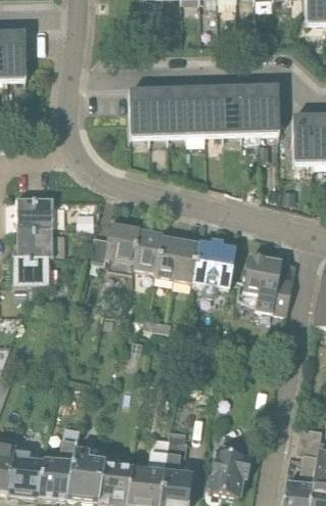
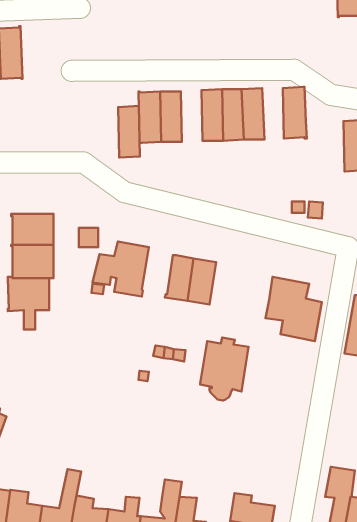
building: [239,87,259,133] -> none
building: [167,89,186,135] -> [118,106,140,158]
building: [292,116,313,163] -> none
building: [132,229,162,271] -> none
building: [192,239,235,295] -> [200,338,248,401]

